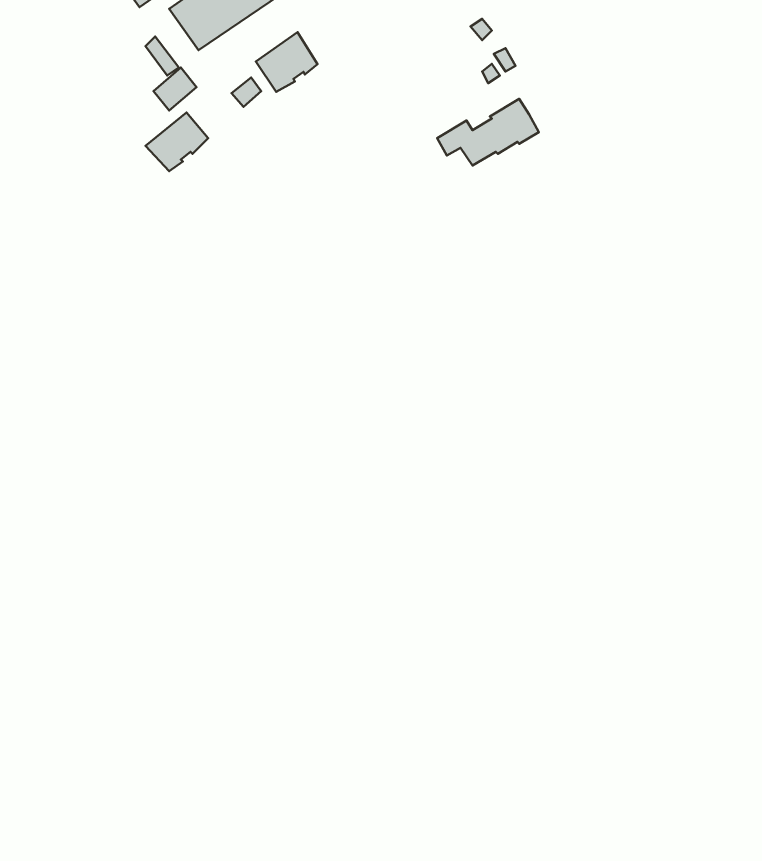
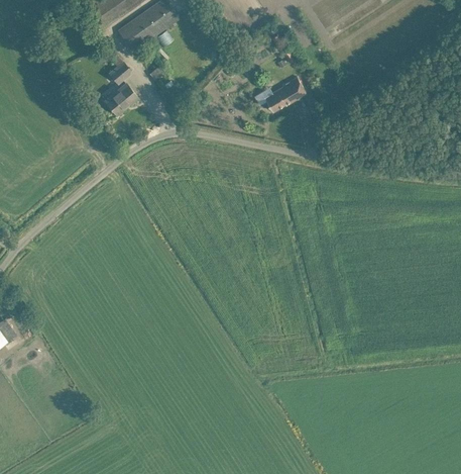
building: [256,32,318,92] -> none

